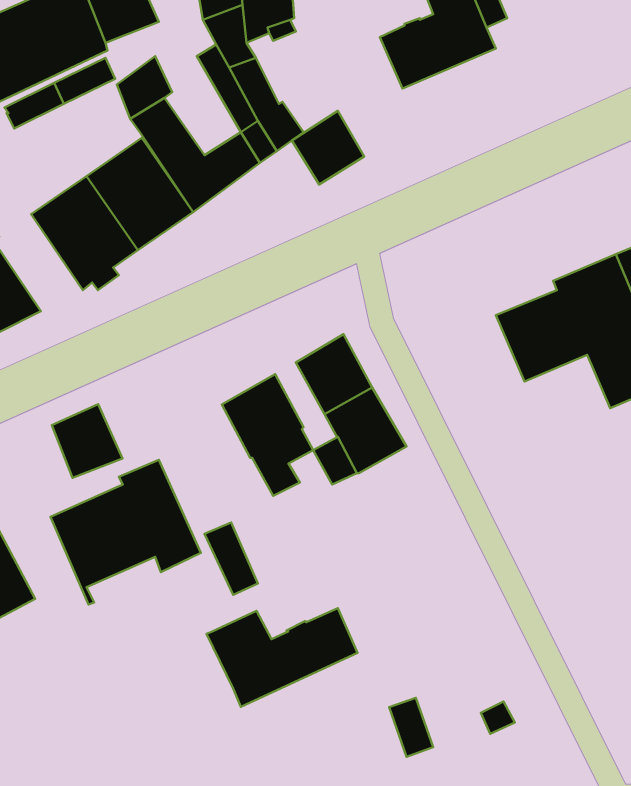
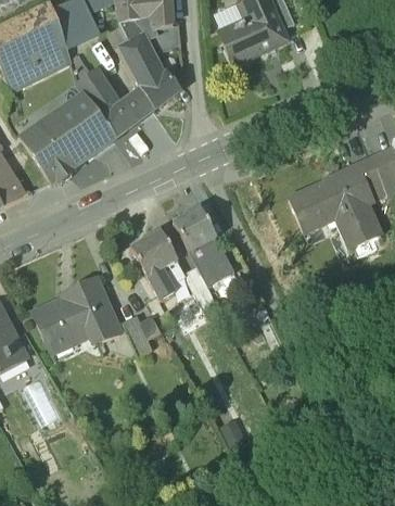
building: [292,111,364,185] -> none
building: [52,404,123,478] -> none
building: [207,608,358,707] -> none

